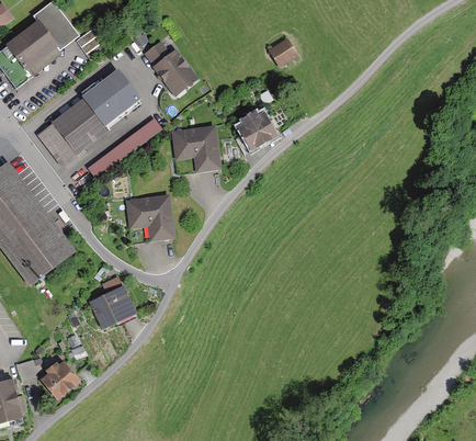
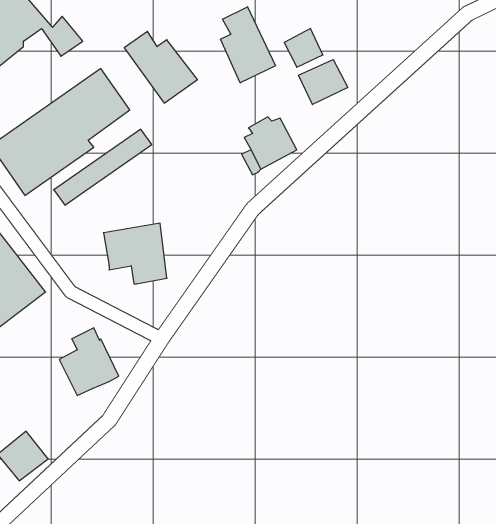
building: none -> [221,7,276,83]
building: none -> [299,60,348,105]
building: [170,125,220,171] -> none

